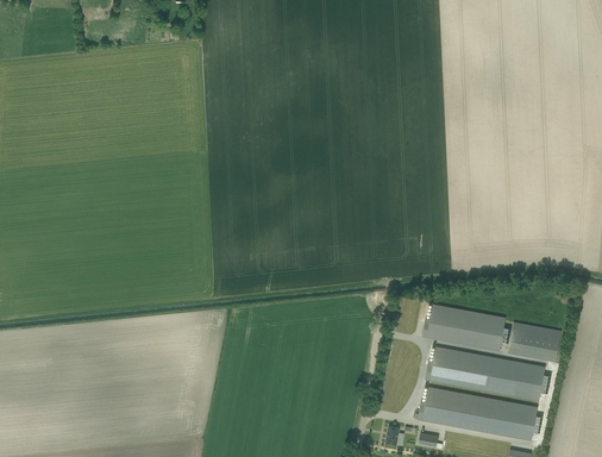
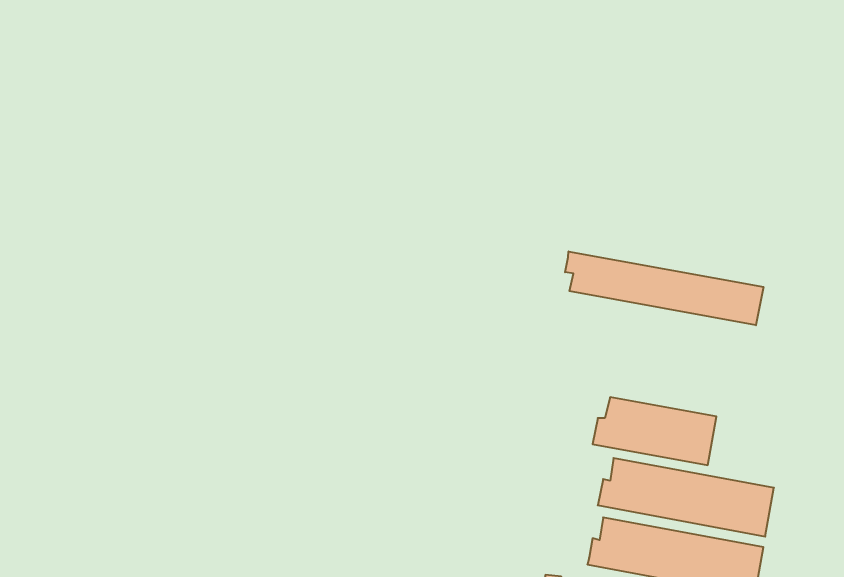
building: none -> [565,251,763,325]
building: [508,321,560,362] -> none

